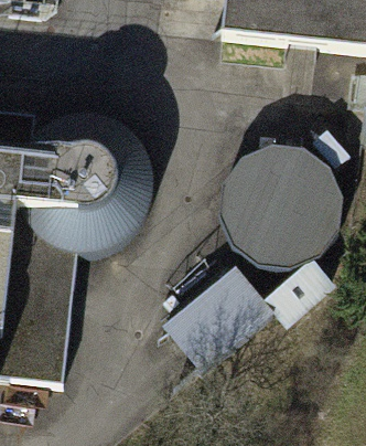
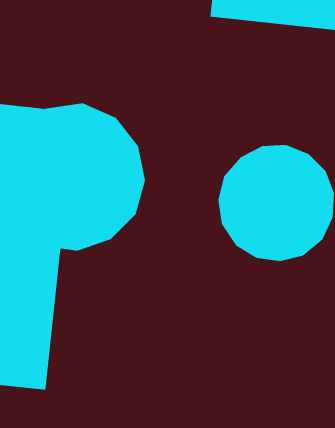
building: [158,267,290,376] -> none

